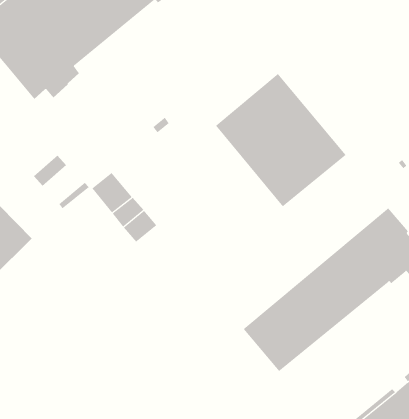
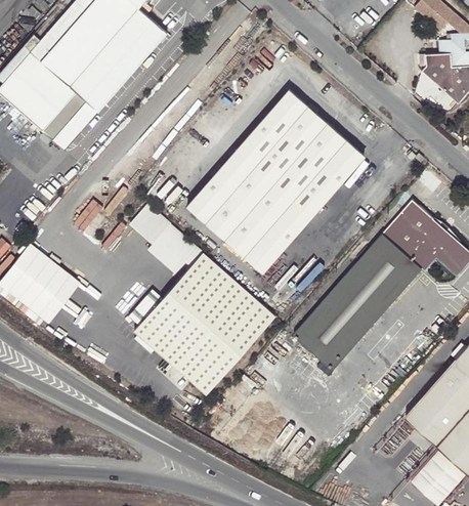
building: none -> [185,149,312,273]
building: none -> [134,255,274,395]

